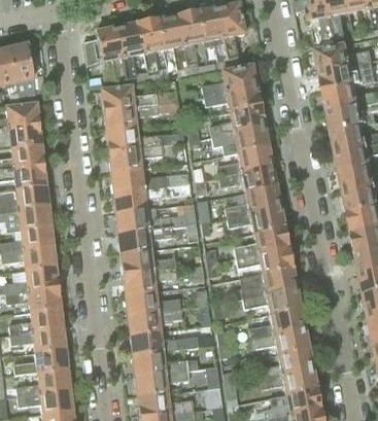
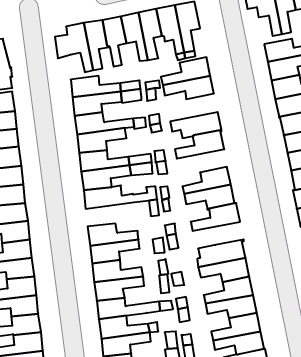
building: [209,105,264,136] -> none
building: [218,167,274,192] -> none
building: [117,225,172,252] -> none
building: [236,247,293,273] -> none

